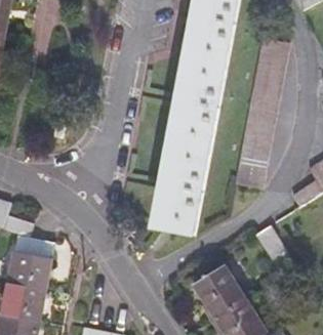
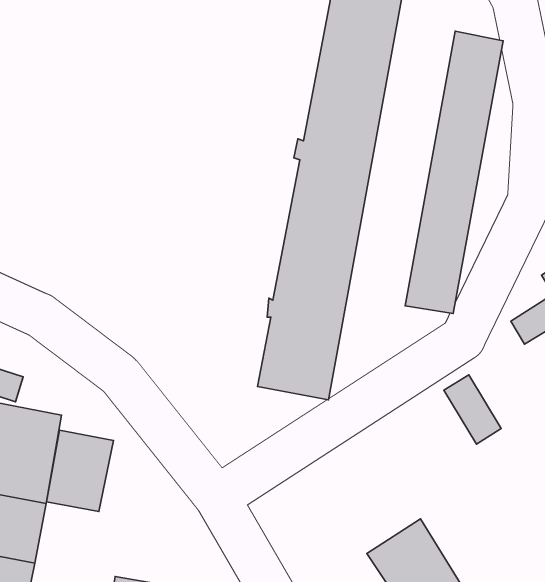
building: none -> [46,430,113,511]
building: [193,263,244,318] -> none

